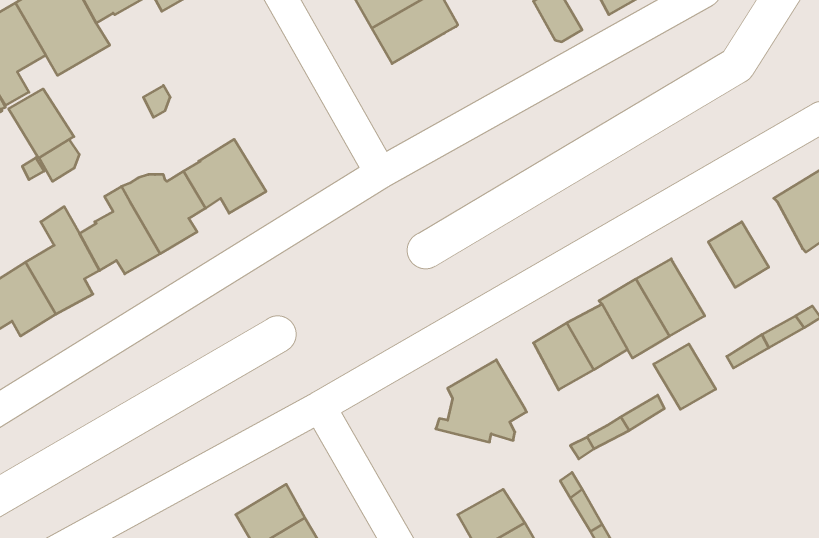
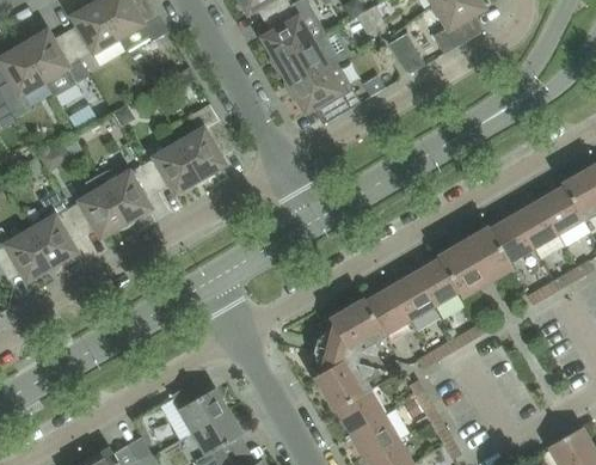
building: none -> [289,61,360,124]
building: none -> [177,104,235,179]
building: [9,89,74,158] -> none
building: none -> [537,186,580,233]
building: none -> [364,287,407,334]
building: [654,344,716,409] -> [489,215,533,262]
building: none -> [313,348,371,411]

